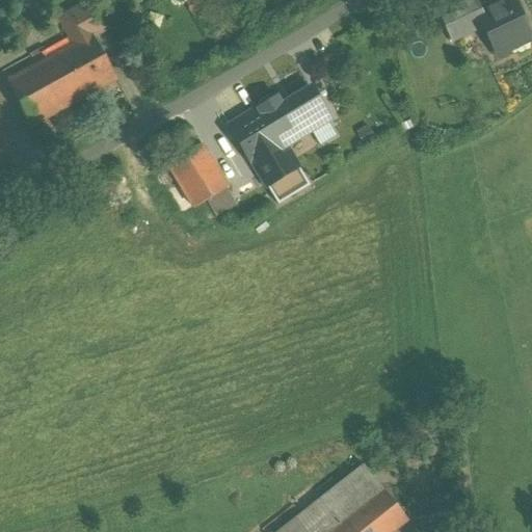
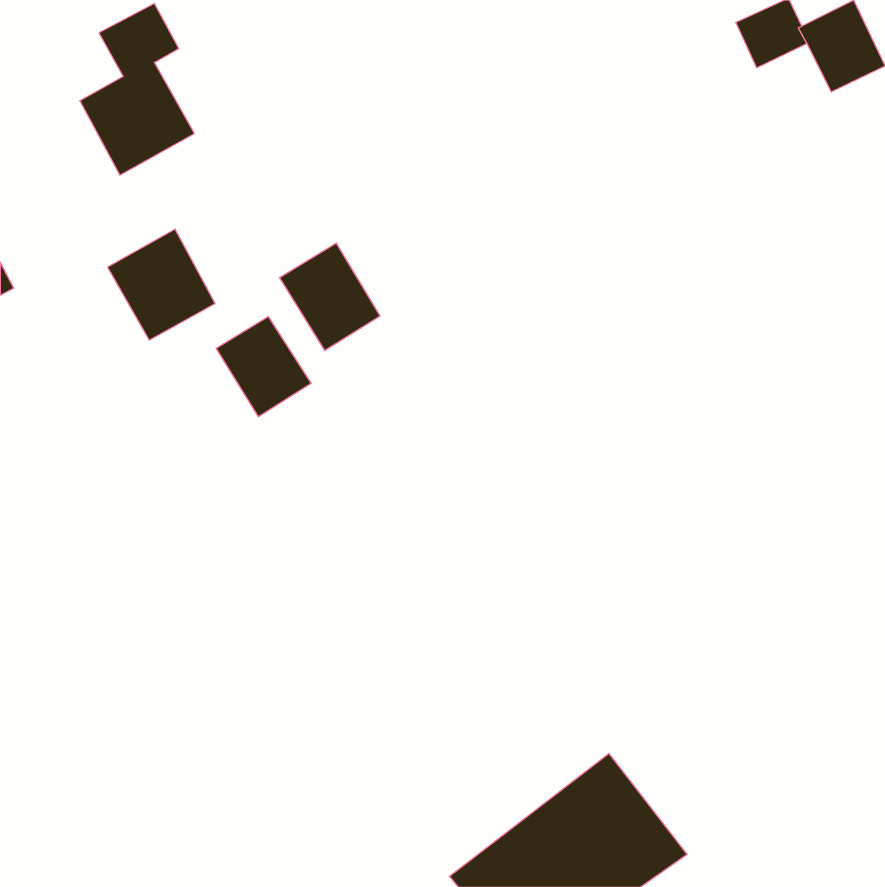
building: [8,60,73,127] -> [108,229,215,340]
building: [231,88,330,205] -> none
building: none -> [216,316,311,417]

